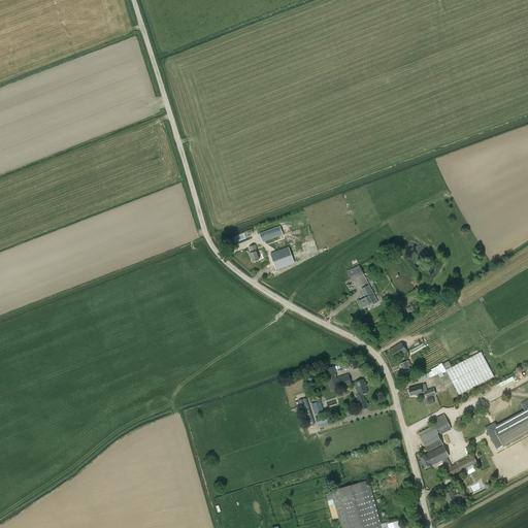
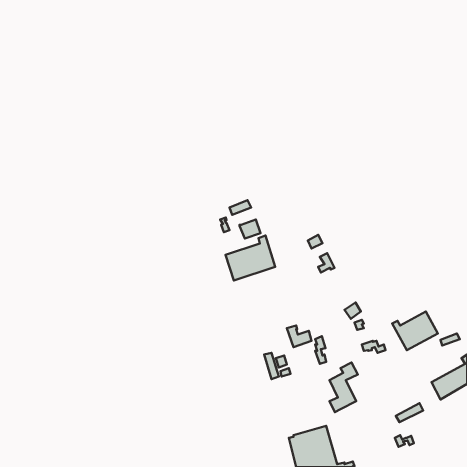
building: none -> [225,236,275,281]
building: [419,414,451,469] -> [330,363,358,412]

